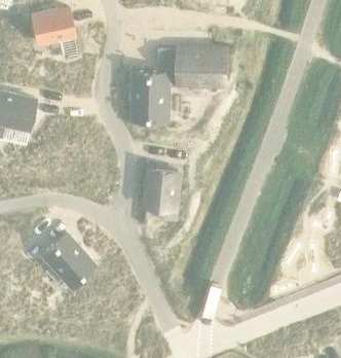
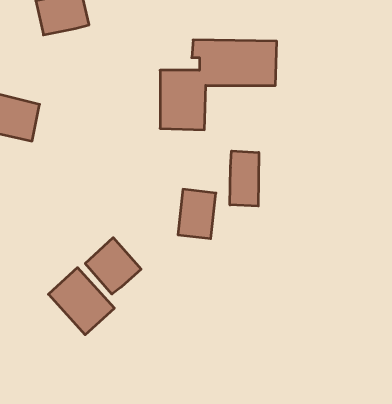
building: none -> [230,151,259,206]
building: none -> [85,238,141,294]

